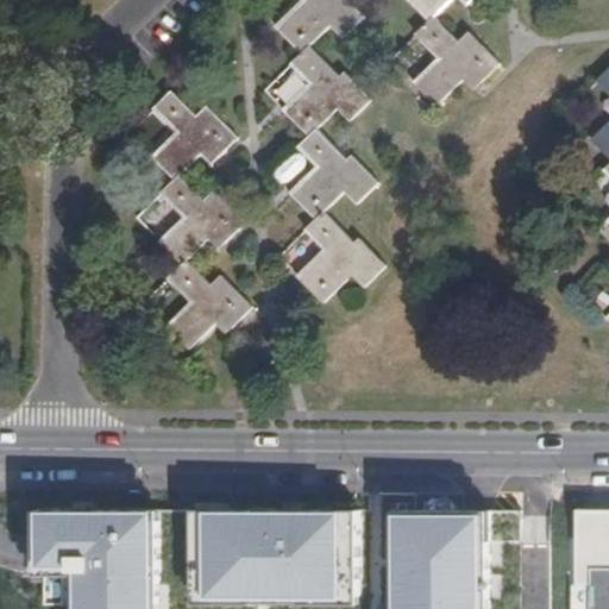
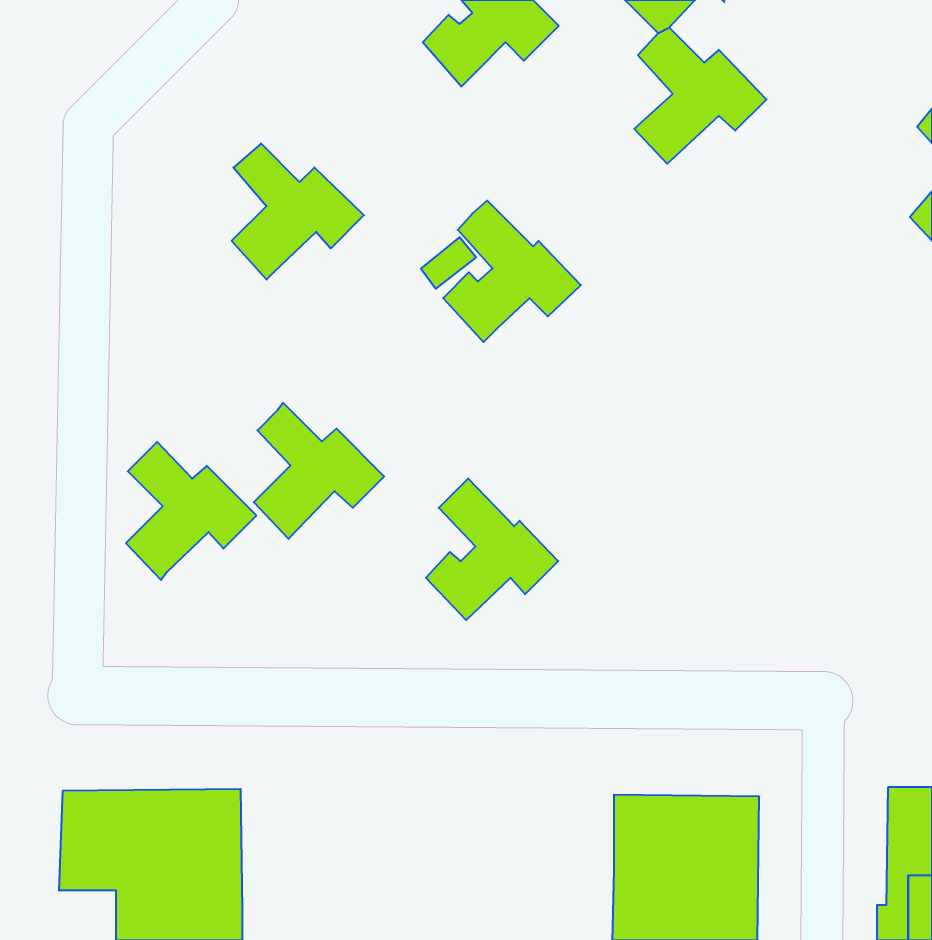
building: [281,46,368,138] -> none
building: [157,176,241,265] -> [126,442,256,580]
building: [295,212,381,303] -> [426,478,558,620]
building: [205,511,344,592] -> none

